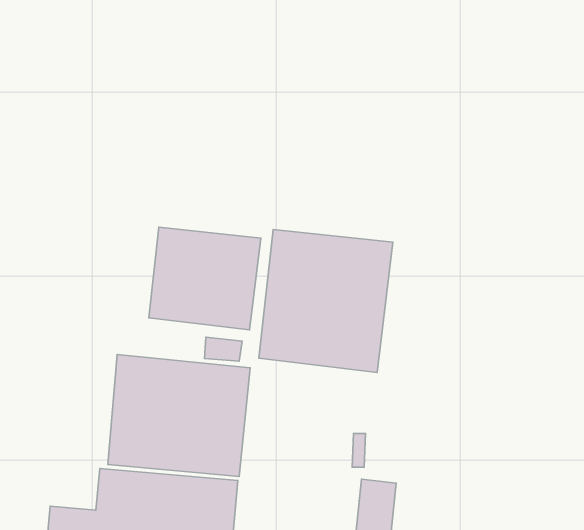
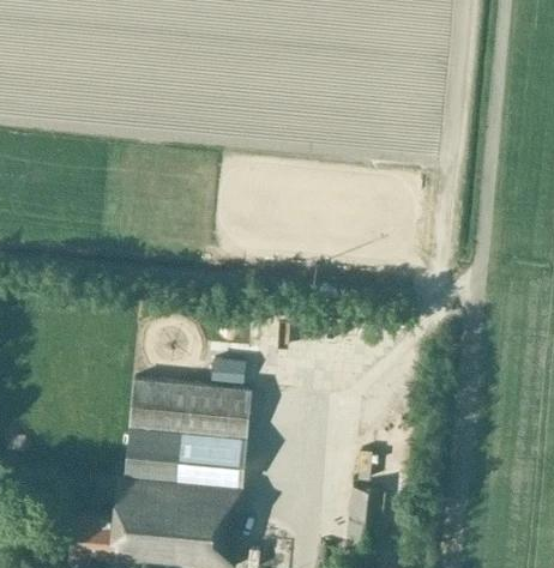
building: [149,227,261,330] -> none
building: [259,229,393,372] -> none

